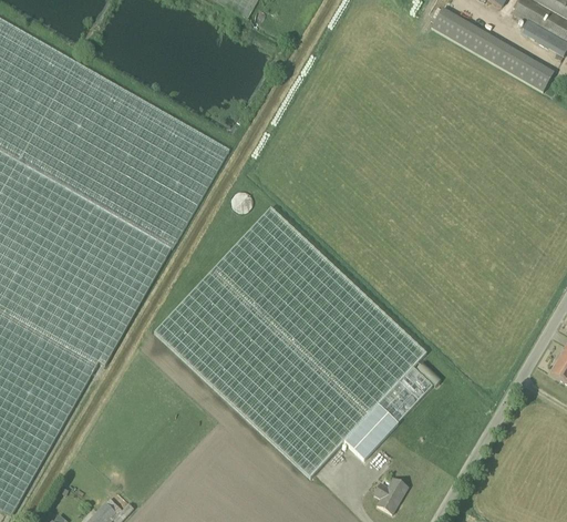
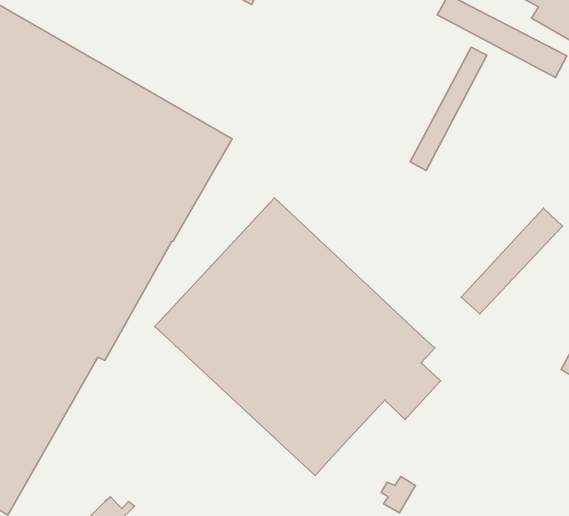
building: none -> [410,47,487,170]
building: none -> [461,208,563,314]
building: [343,403,398,459] -> none

